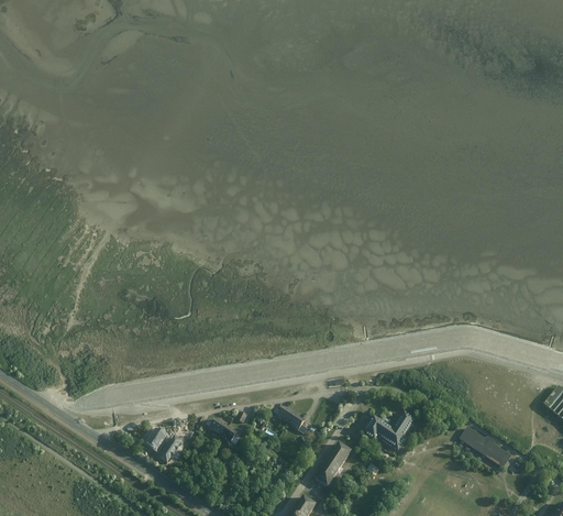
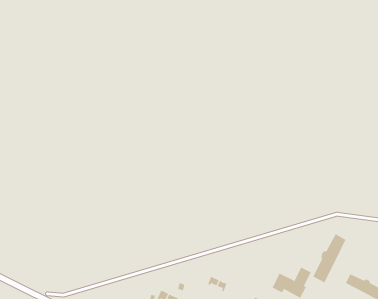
building: none -> [313,234,346,283]

